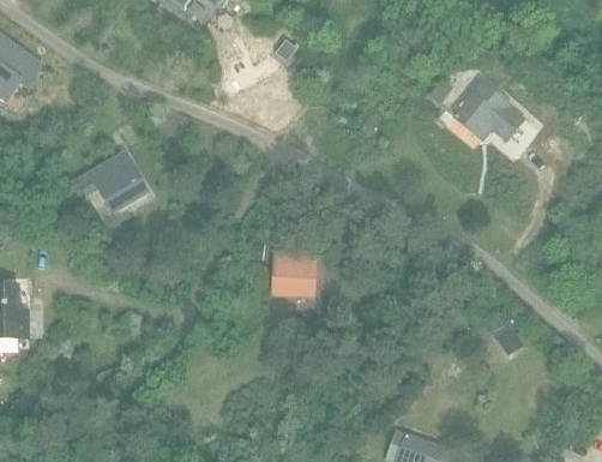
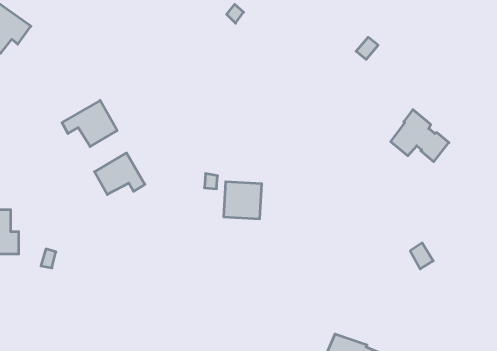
building: [454,77,524,139] -> [391,110,449,162]
building: none -> [94,153,145,195]

